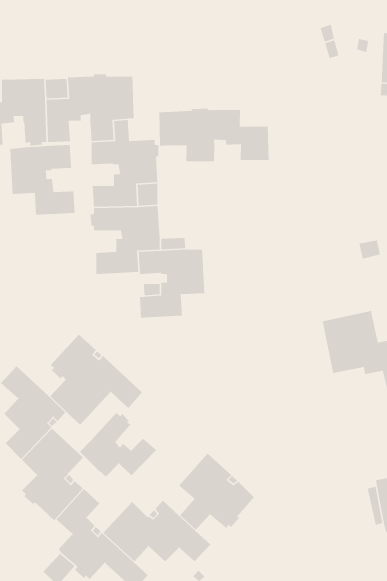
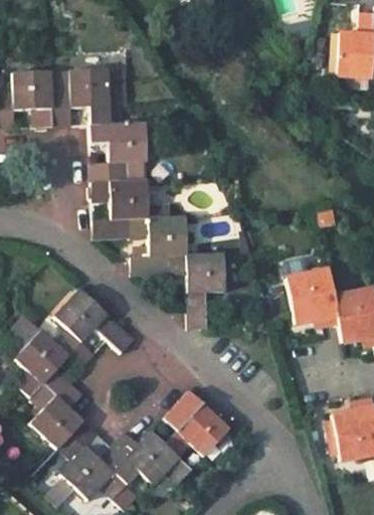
building: [158,108,269,162] -> none
building: [9,144,75,216] -> none
building: none -> [166,252,224,329]
building: [79,412,157,478] -> none

